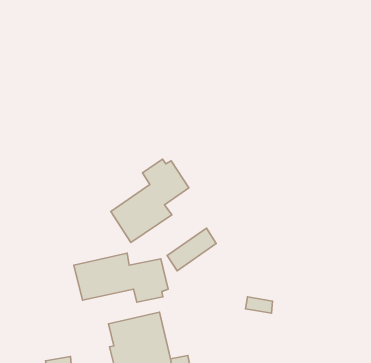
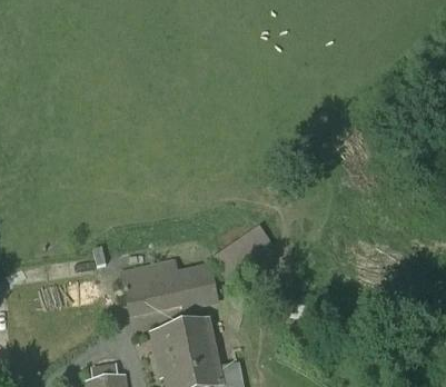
building: [111,159,189,242] -> none

